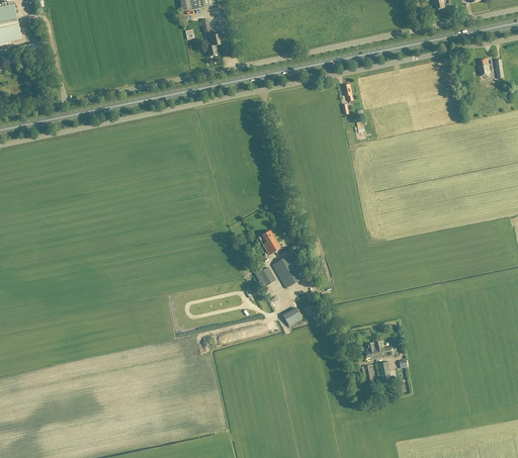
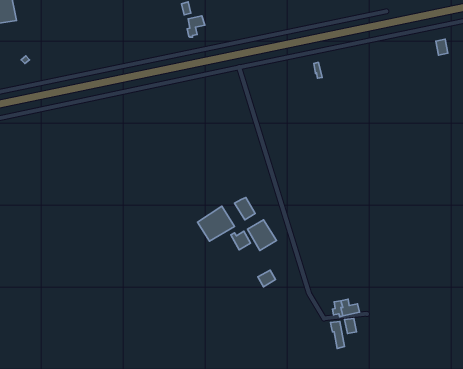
building: none -> [197,206,234,241]

